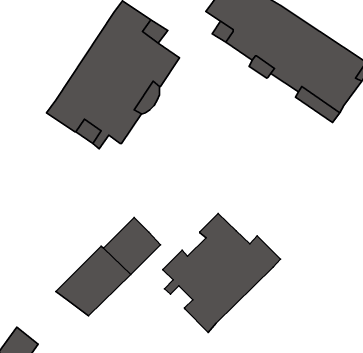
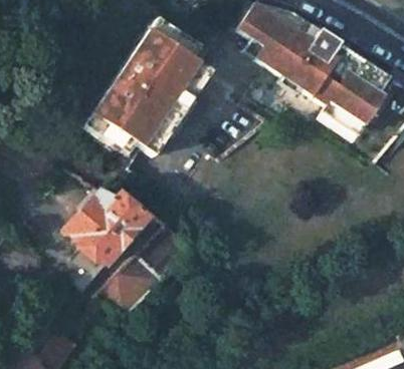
building: none -> [68,191,150,263]
building: [163,214,280,332] -> none

